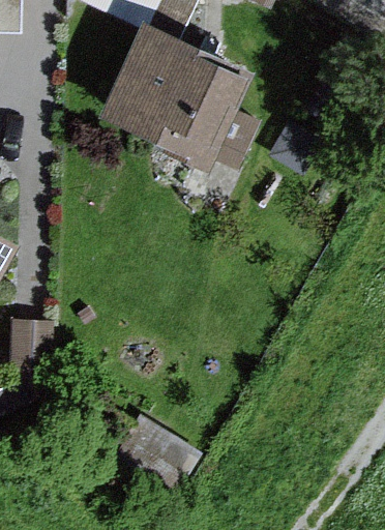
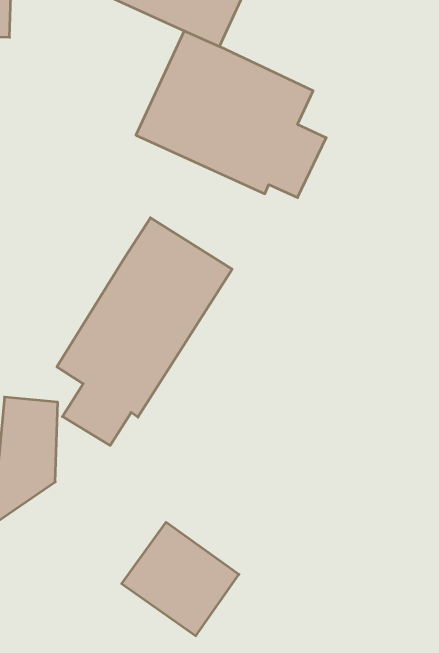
building: none -> [57,218,232,445]

